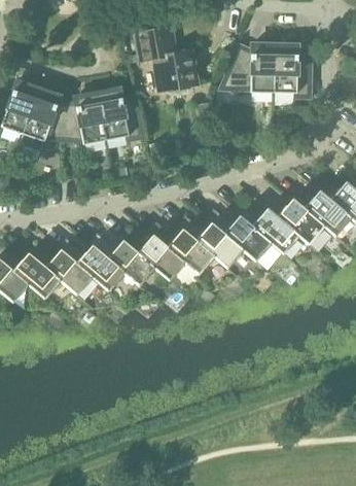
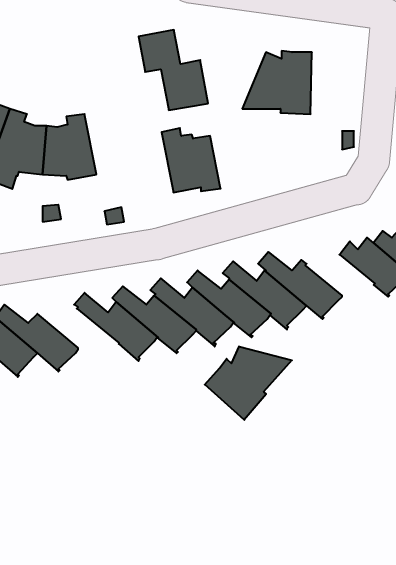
building: [276,45,313,98] -> none
building: [99,91,145,141] -> [162,128,221,192]
building: [272,199,326,245] -> none
building: [60,238,126,291] -> none
building: none -> [205,346,292,420]

